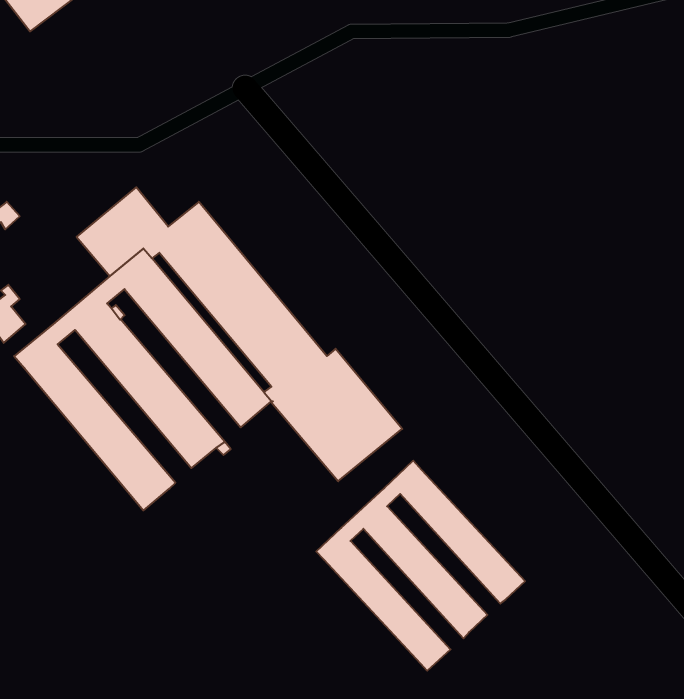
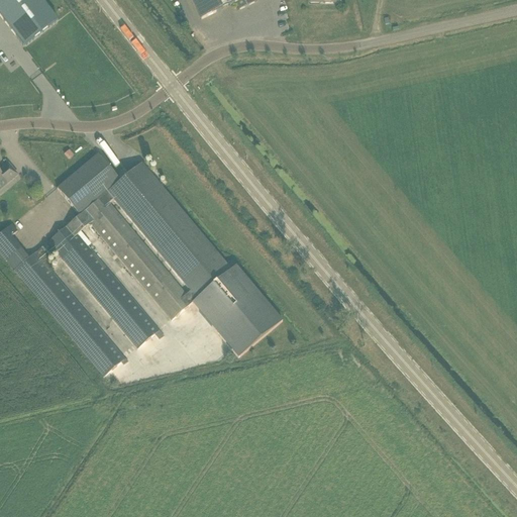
building: [316,461,525,671] -> none

